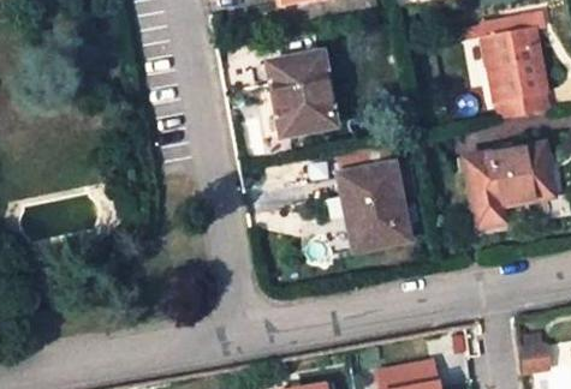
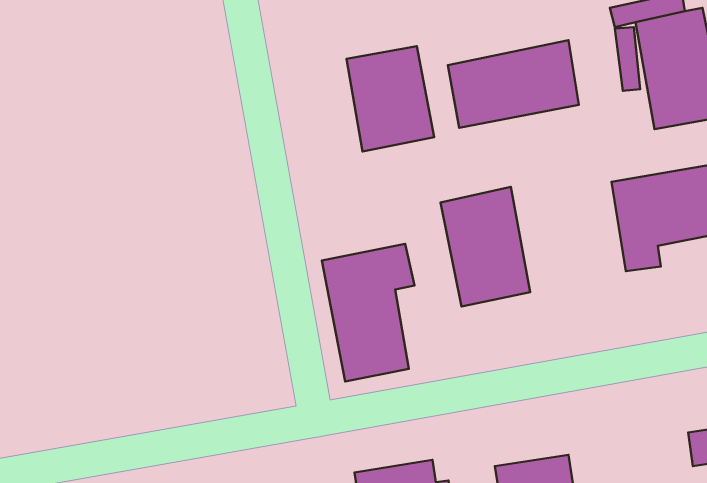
building: none -> [448,40,579,128]
building: none -> [322,244,414,381]

